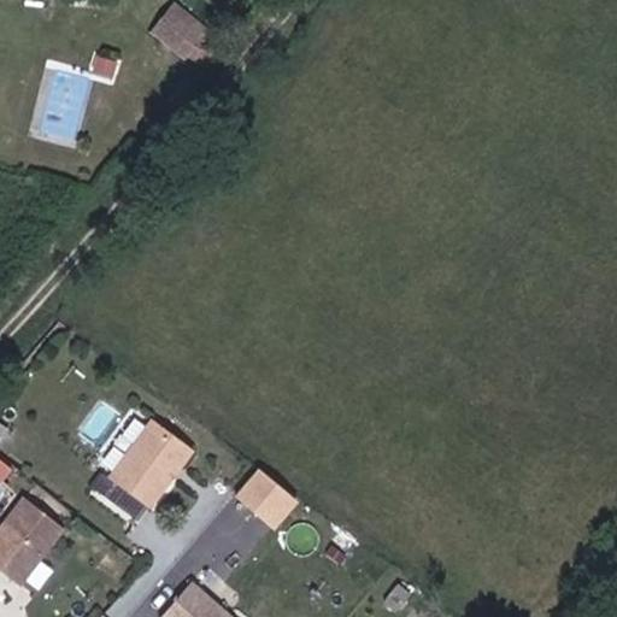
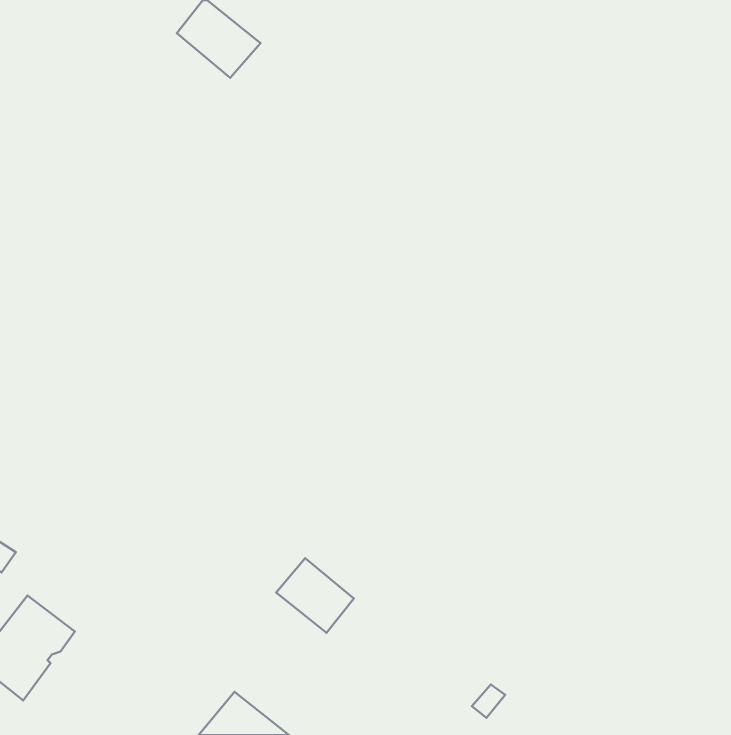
building: [108,422,190,510] -> none

